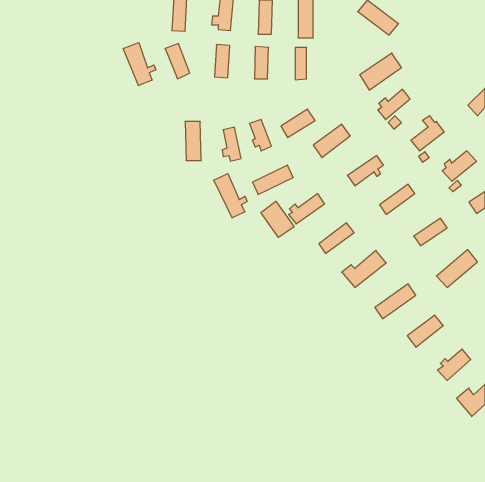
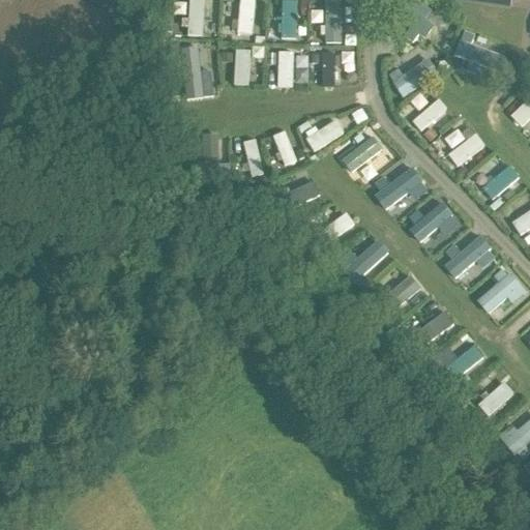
building: none -> [453,39,504,71]
building: [123,43,156,86] -> none
building: [214,174,247,218] -> none
building: [261,201,294,237] -> none

